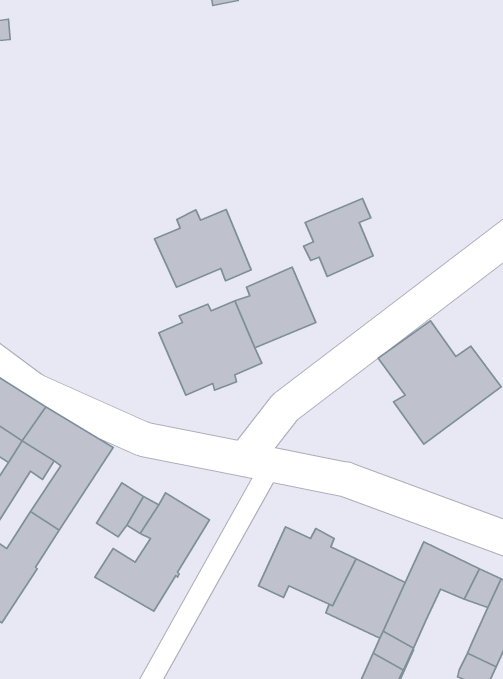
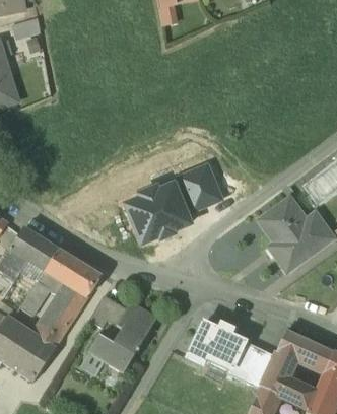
building: [304,199,373,277] -> none
building: [154,209,251,287] -> none
building: none -> [280,377,316,407]

